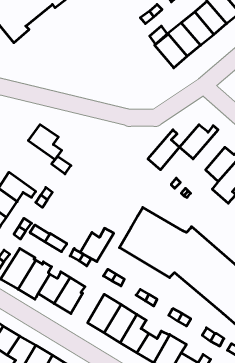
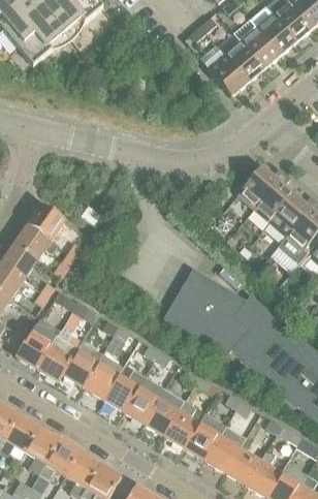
building: [28,125,62,160] -> [27,206,68,249]
building: [148,130,180,170] -> [254,173,293,222]
building: [80,228,114,262] -> [103,370,145,411]

